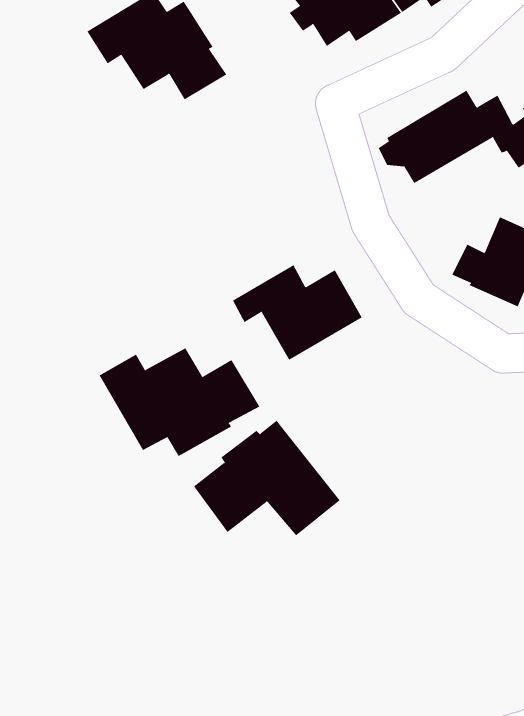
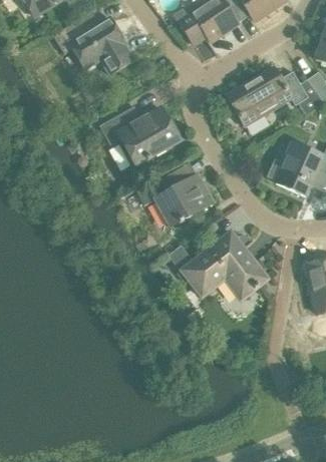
building: none -> [101,107,180,165]
building: [99,348,260,457] -> none
building: [193,420,340,536] -> [182,230,268,299]

